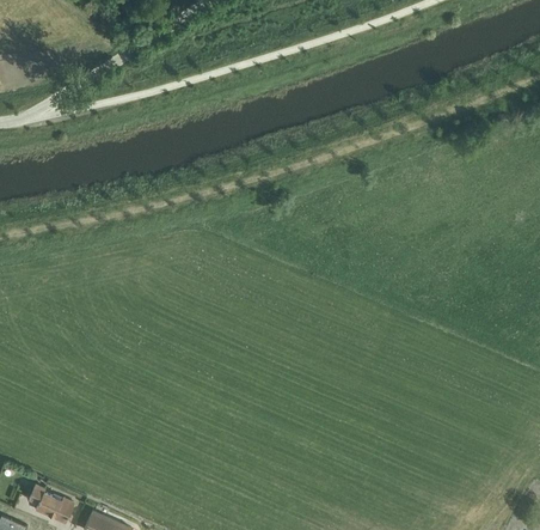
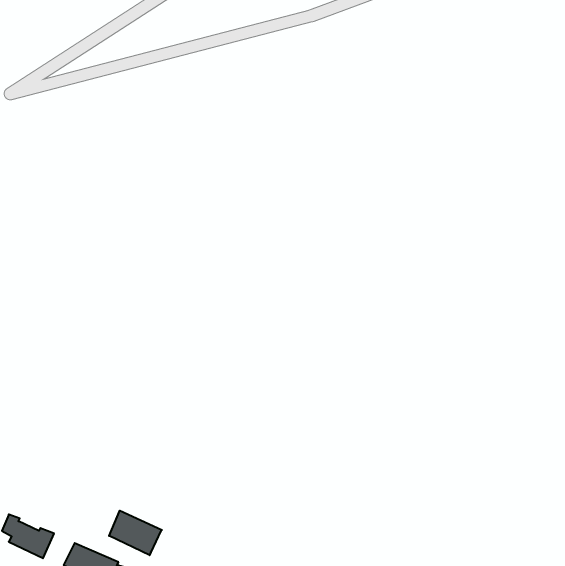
building: none -> [109,511,162,555]

